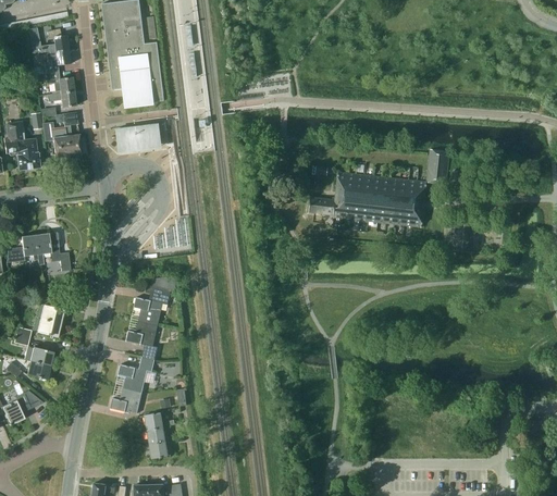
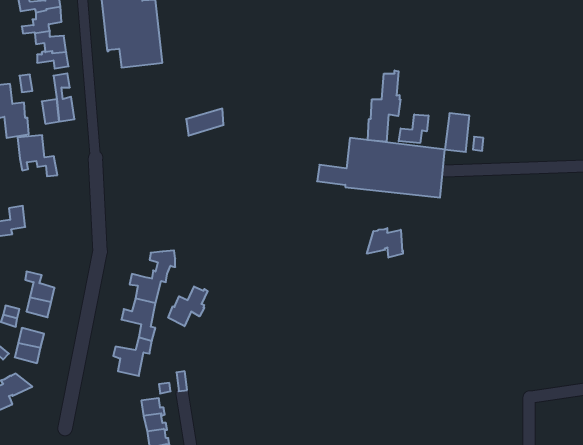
building: none -> [368,70,400,142]
building: [121,125,156,150] -> [186,109,224,136]
building: none -> [399,114,428,143]
building: [34,232,71,270] -> [18,135,57,176]
building: none -> [367,228,403,258]
building: none -> [168,286,208,326]
building: [110,387,141,412] -> none

